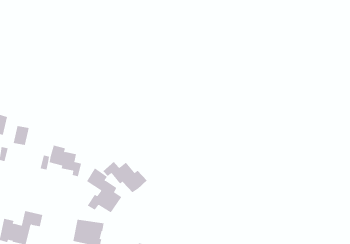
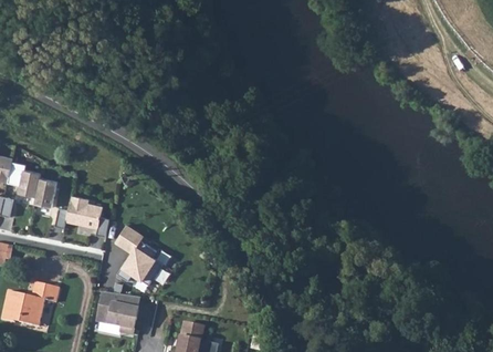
building: none -> [35,176,59,206]
building: [103,161,147,193] -> none

